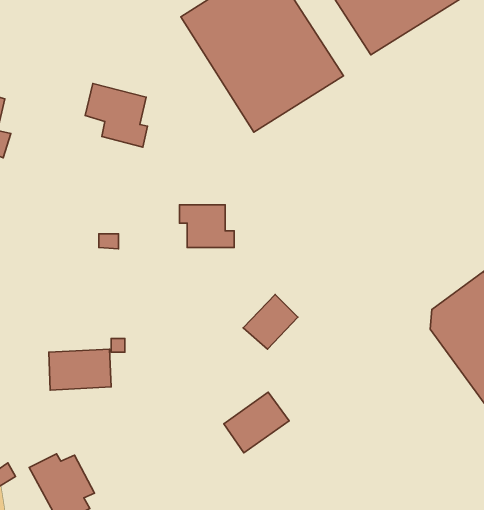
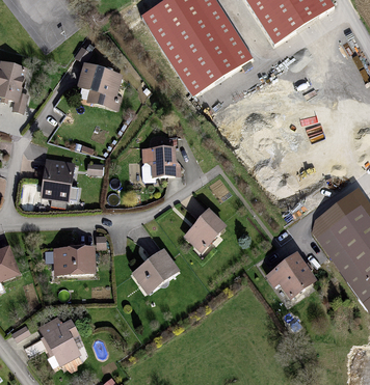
building: none -> [39,162,72,204]
building: none -> [269,260,312,300]
building: [224,392,289,453] -> [133,249,178,291]

